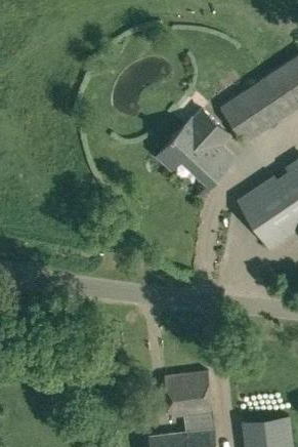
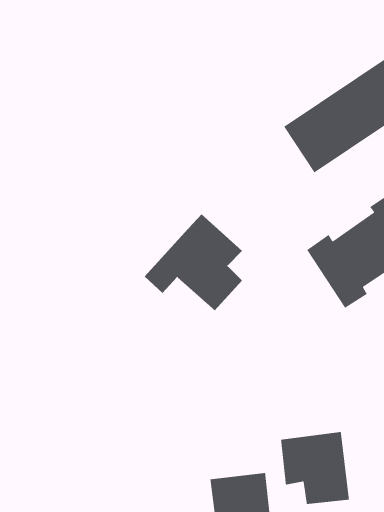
building: [157,108,232,182] -> [144,213,243,311]
building: none -> [280,431,350,505]

